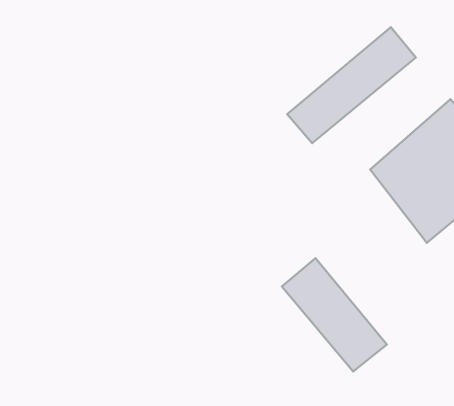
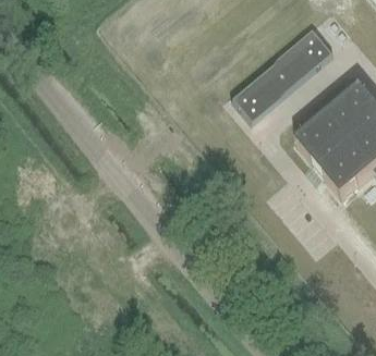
building: [282,258,387,371] -> none

